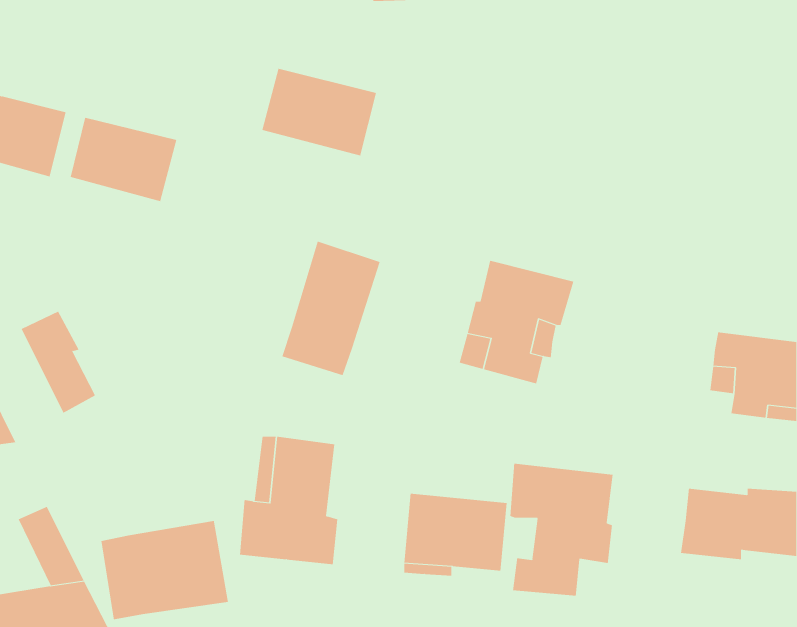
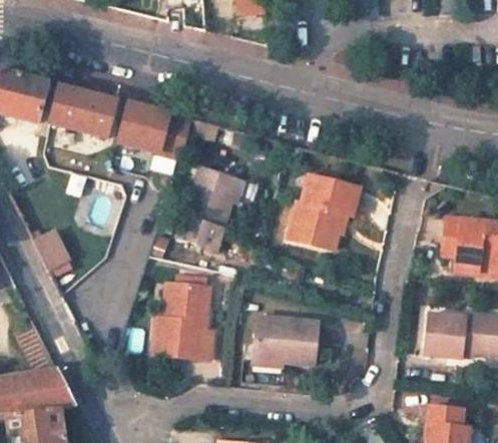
building: [261,68,377,156] -> [118,103,189,157]
building: [510,463,613,597] -> none
building: [101,520,228,620] -> none

